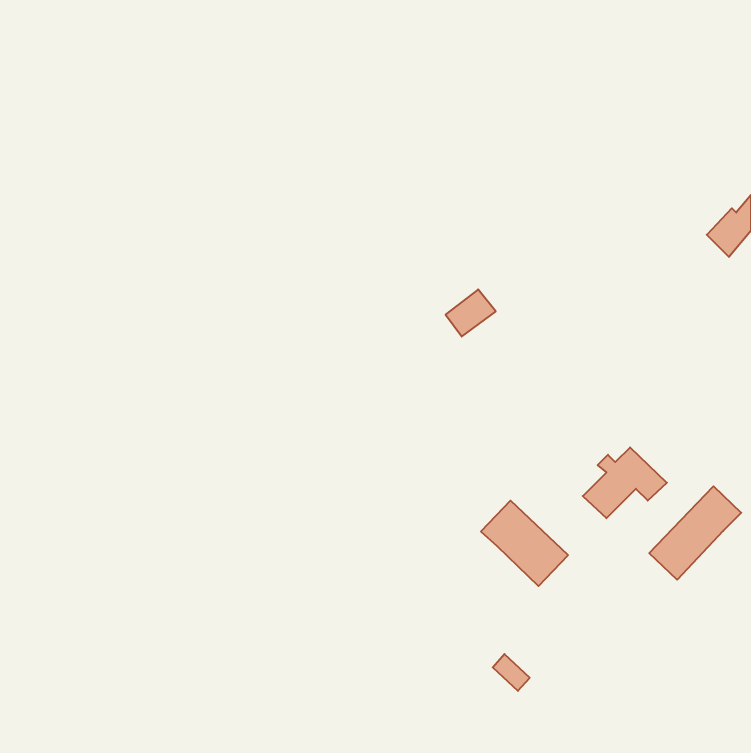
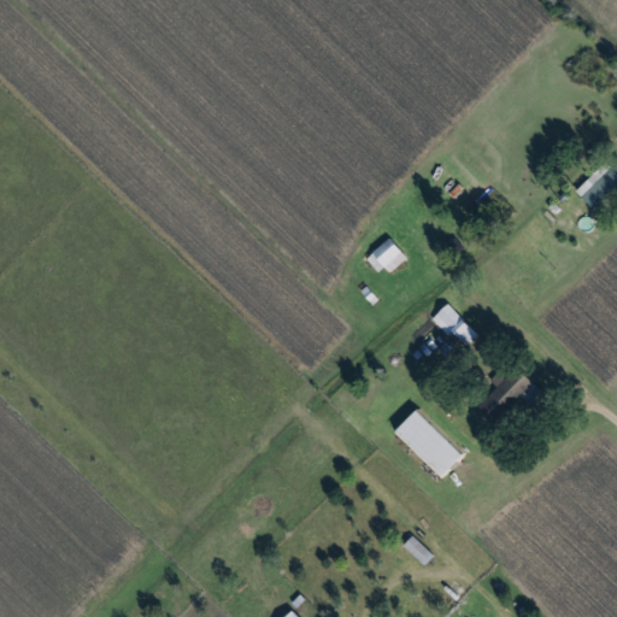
building: none -> [430,302,477,345]
building: [649,486,741,580] -> none

